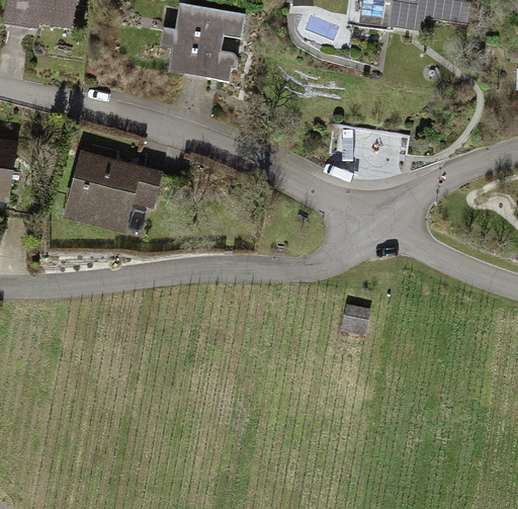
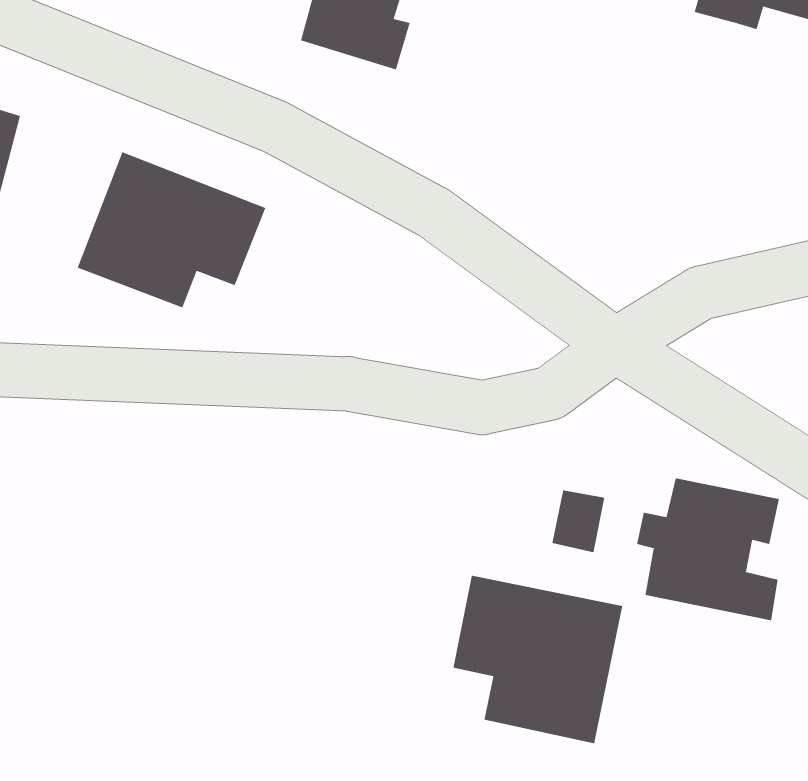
building: none -> [637,477,780,621]
building: none -> [453,575,623,744]

